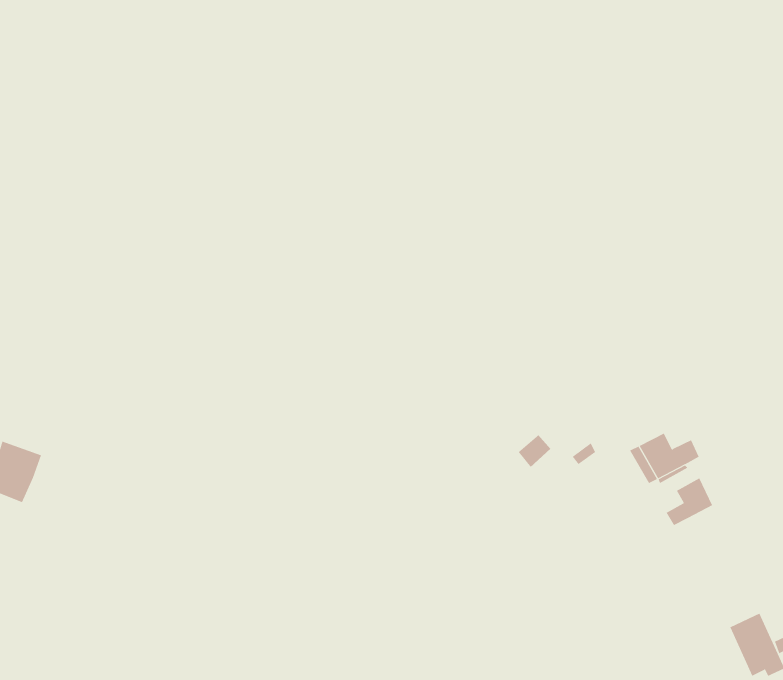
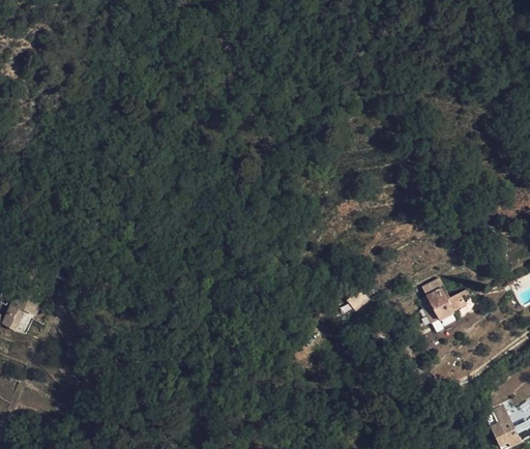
building: [666,478,713,526] -> none

